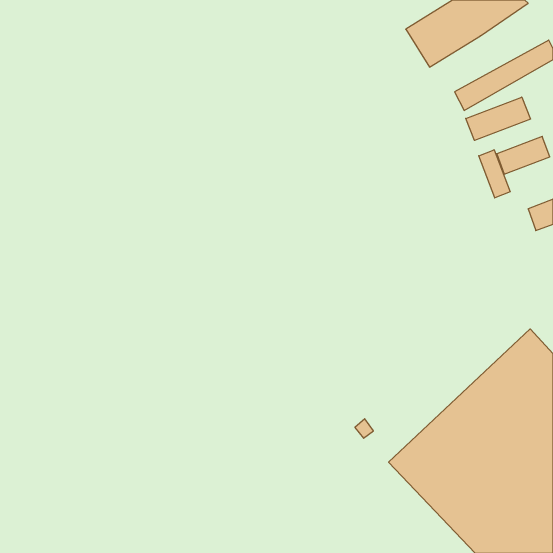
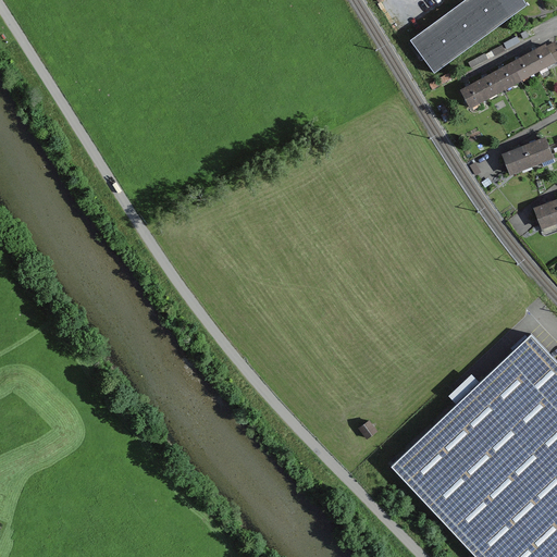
building: [466,97,530,140] -> none
building: [479,150,510,198] -> none

